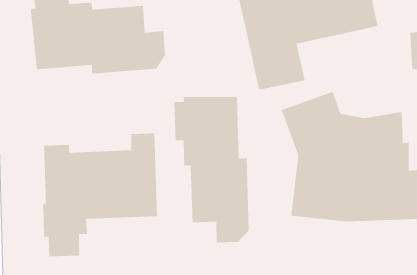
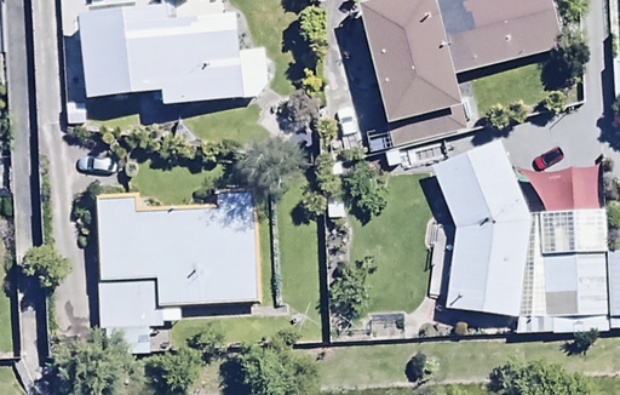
building: [174,96,249,243] -> none

